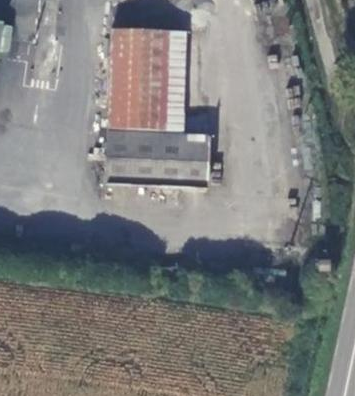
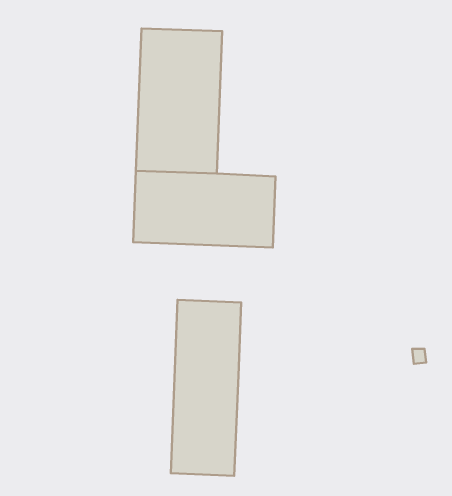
building: none -> [171,300,241,476]

